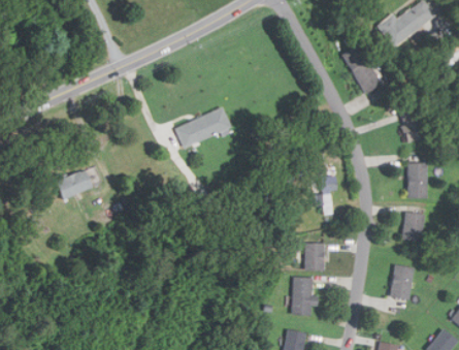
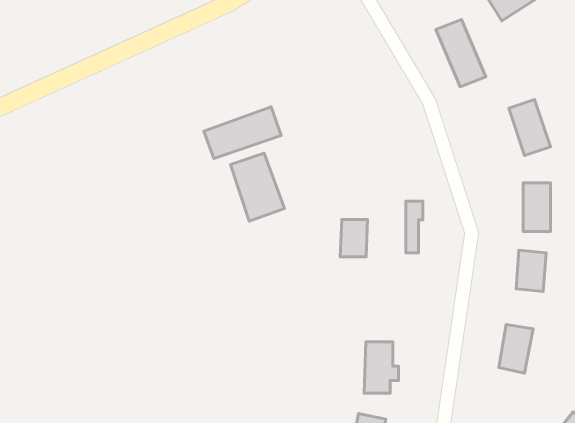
building: none -> [230,153,284,221]
building: [56,168,95,199] -> none
building: [304,244,324,271] -> [340,220,367,257]

